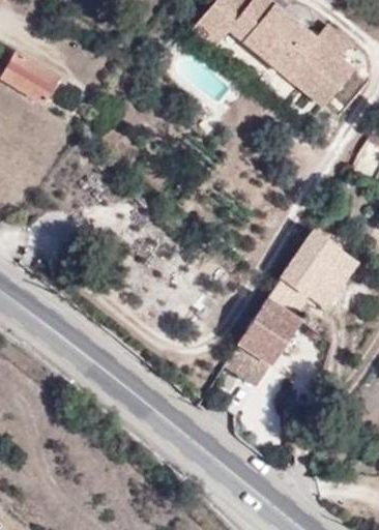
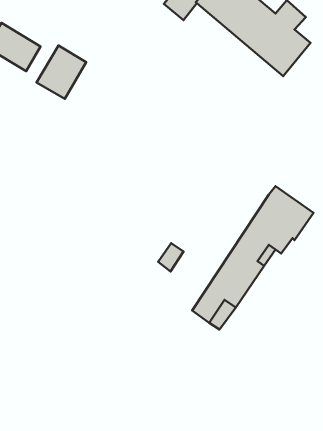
building: none -> [37,45,86,99]

